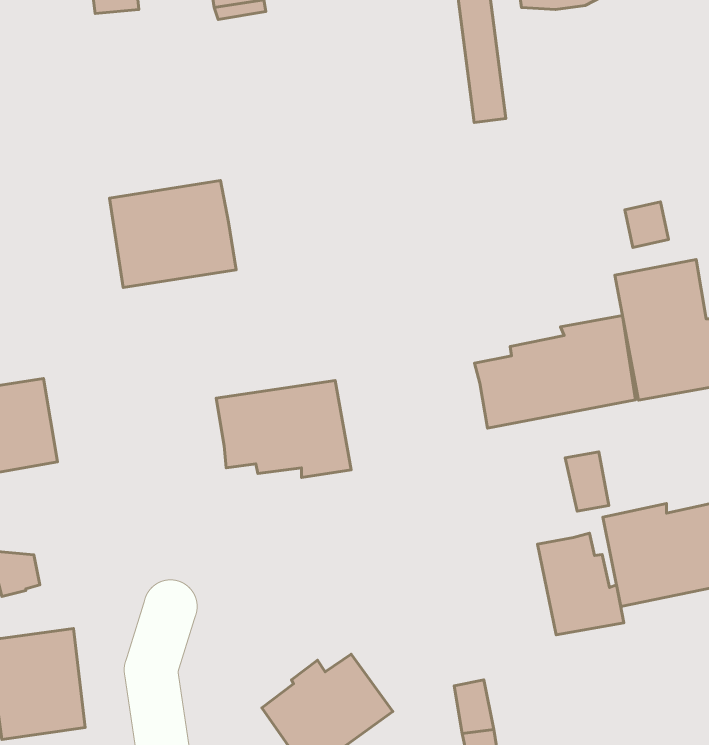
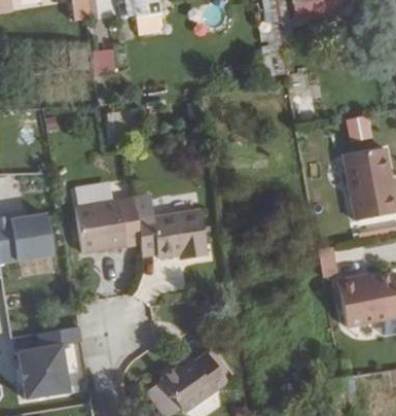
building: [109,180,236,288] -> [74,197,140,252]
building: [475,315,635,428] -> none
building: [537,533,624,635] -> none

